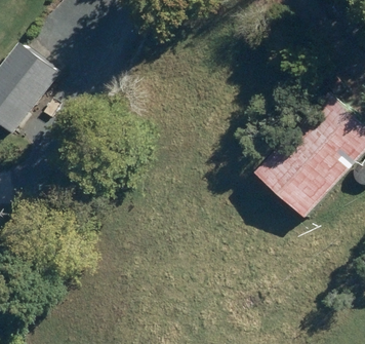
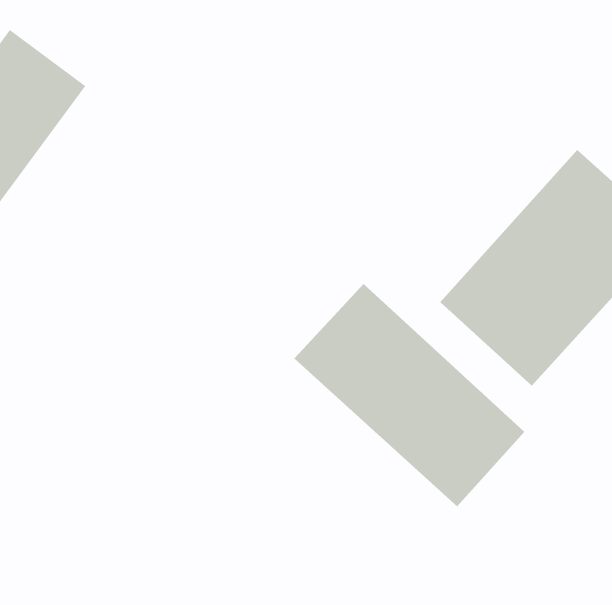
building: none -> [294,283,525,507]

